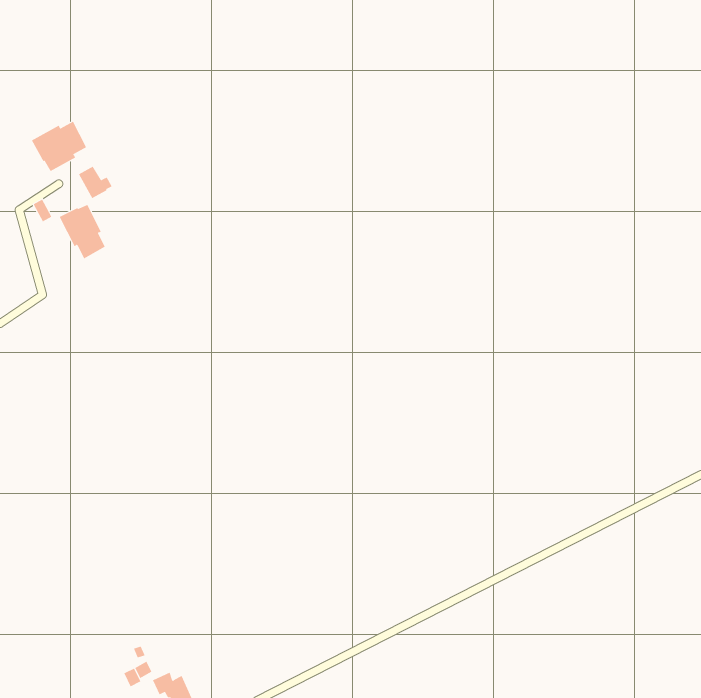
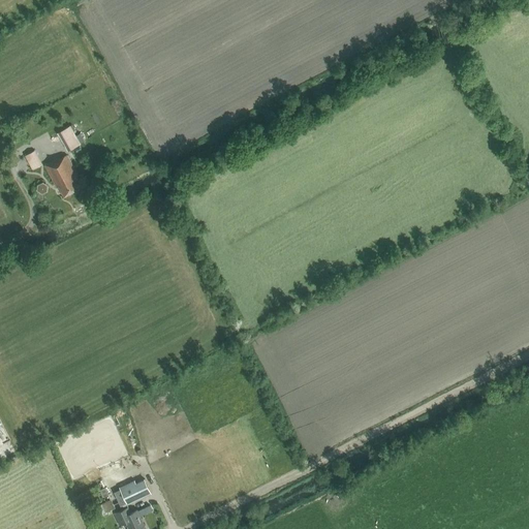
building: [31,121,87,172] -> none
building: none -> [117,480,151,507]

